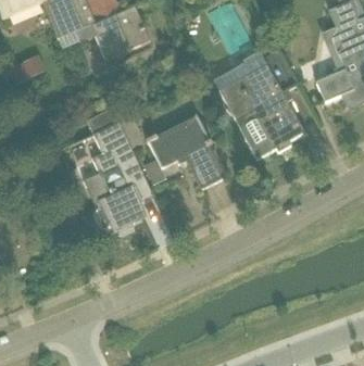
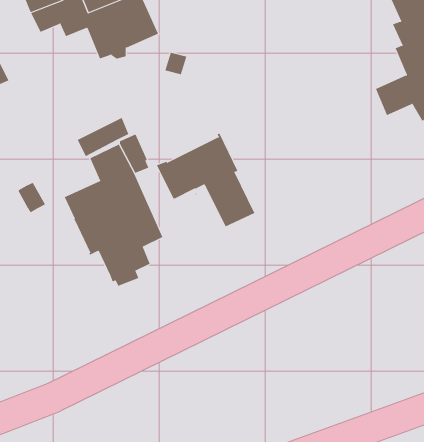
building: [213,48,304,160] -> none

